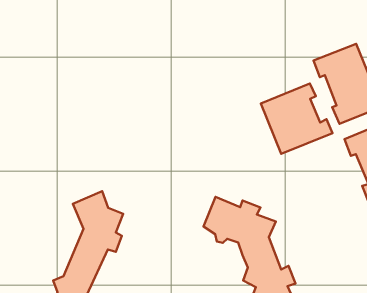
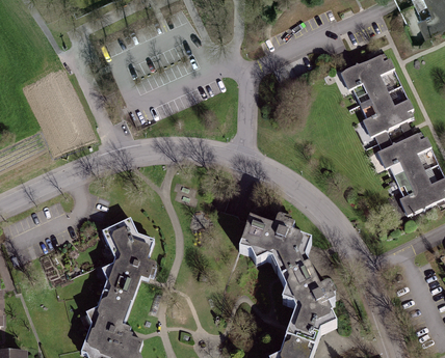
building: [261,84,332,154] -> none

